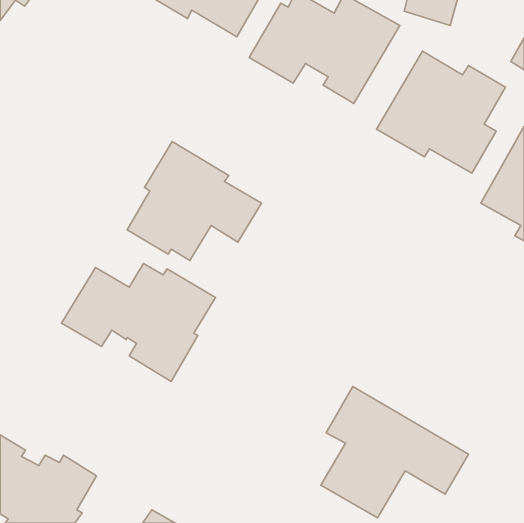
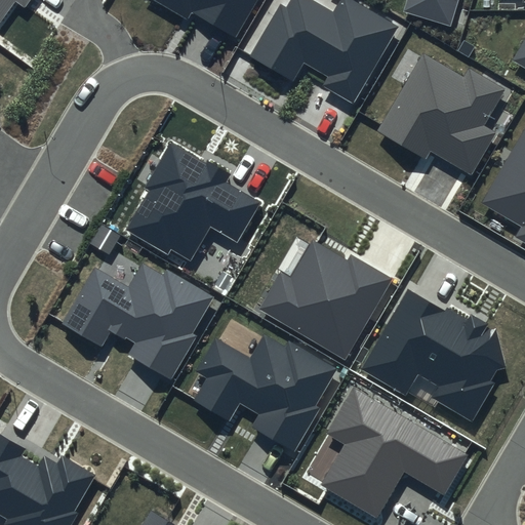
building: none -> [258,239,393,358]
building: none -> [363,290,506,420]
building: none -> [194,334,337,453]

